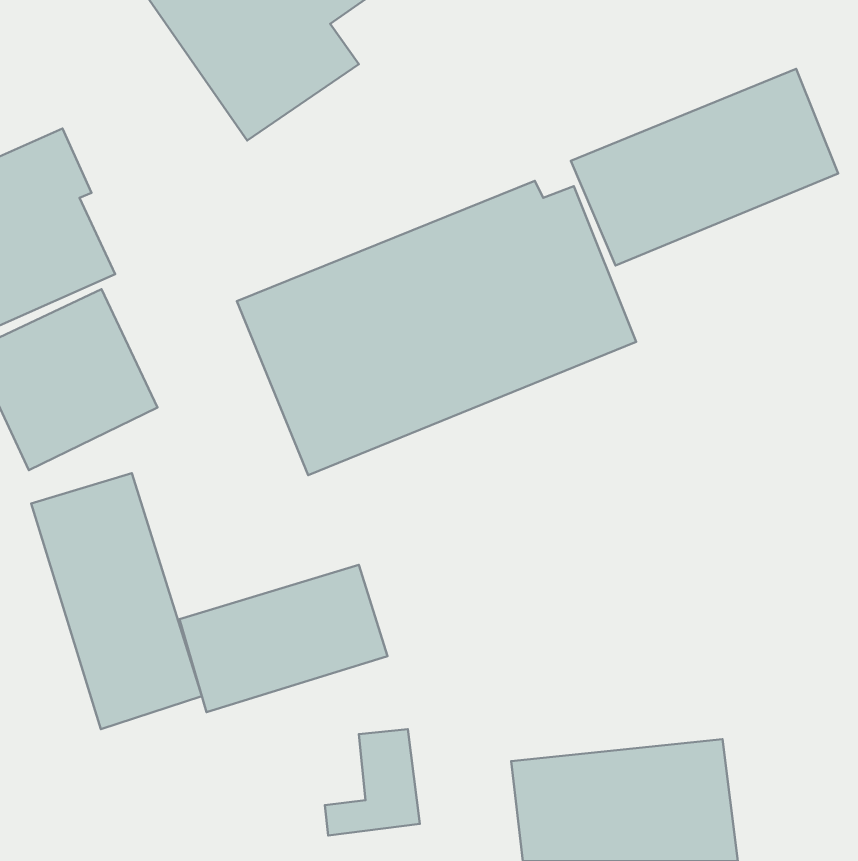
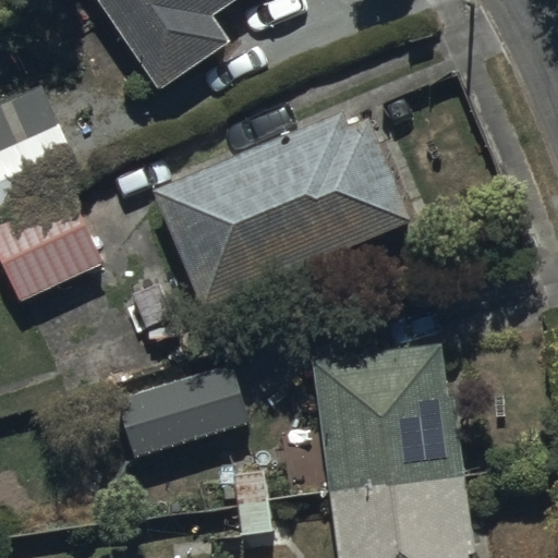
building: [571,69,838,265] -> none
building: [31,473,202,729] -> none
building: none -> [313,343,465,490]

